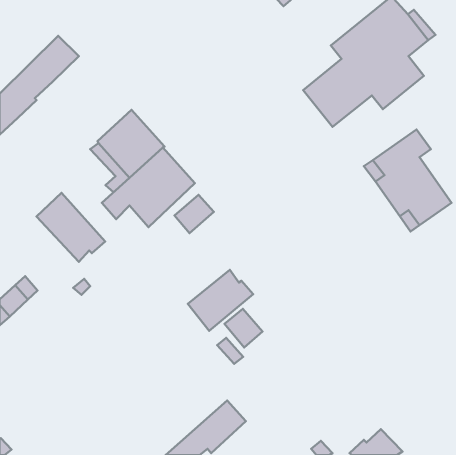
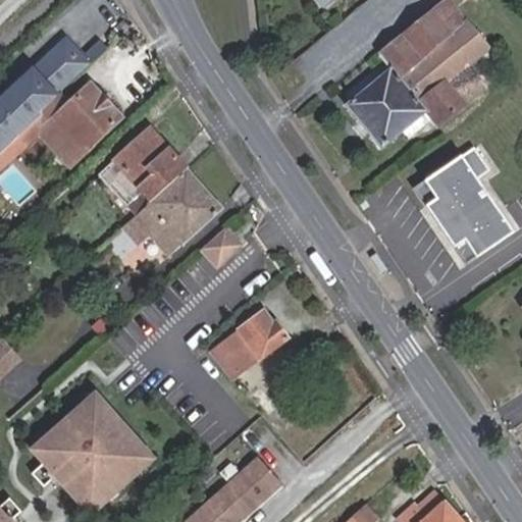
building: none -> [20,84,123,168]
building: [37,193,105,262] -> none
building: [225,309,263,347] -> none
building: none -> [30,399,146,515]

